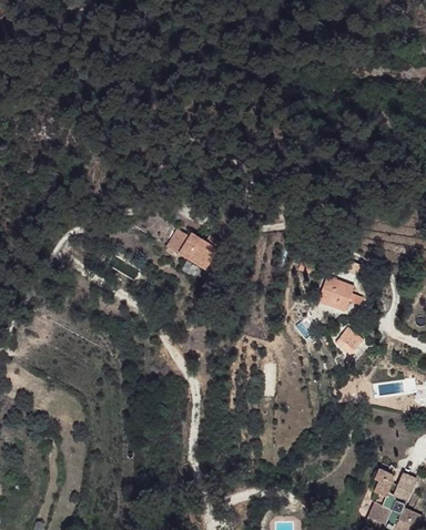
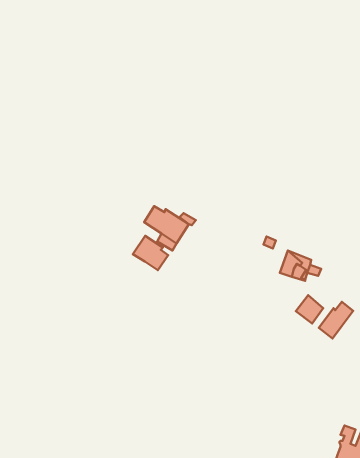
building: none -> [133,236,168,270]
building: none -> [319,302,353,339]

